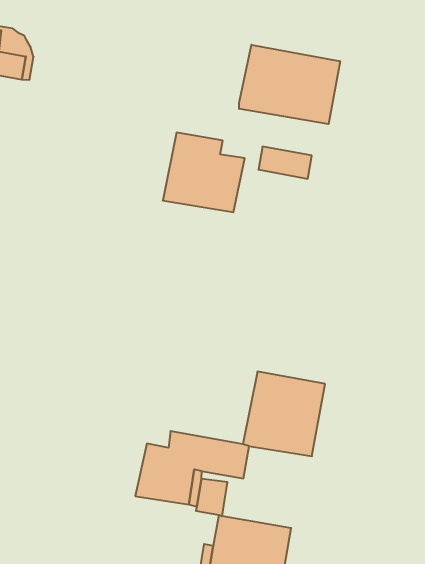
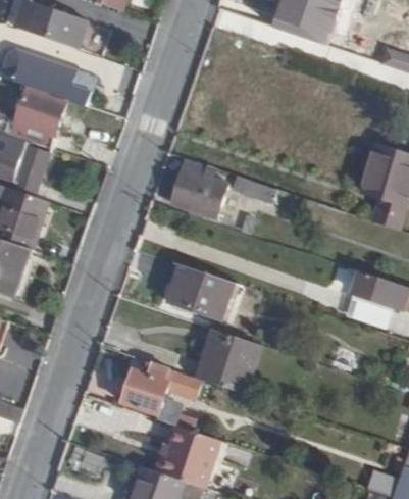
building: [239,45,340,124] -> none
building: none -> [165,263,244,325]

